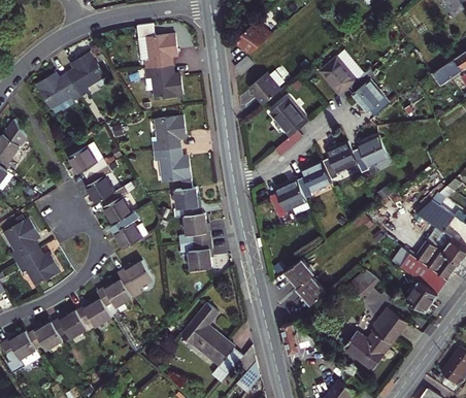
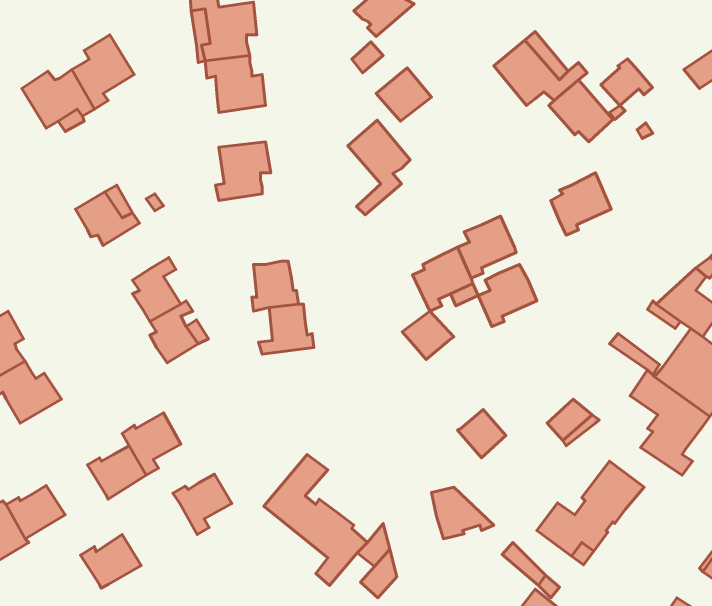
building: none -> [601,59,652,106]
building: [269,98,306,155] -> [348,120,410,215]
building: [322,142,357,179] -> [478,264,537,327]
building: [154,147,191,190] -> none
building: [85,165,113,203] -> none
building: [179,239,211,270] -> none
building: [284,259,314,288] -> [402,311,454,359]
building: [116,261,152,297] -> [173,474,232,534]
building: [51,309,87,341] -> [81,535,141,588]

